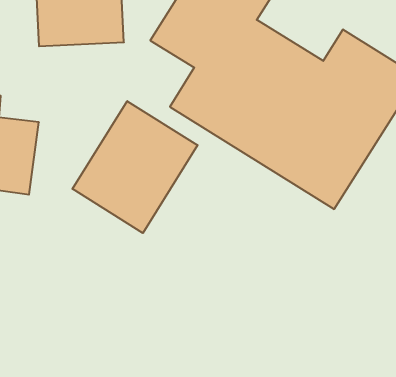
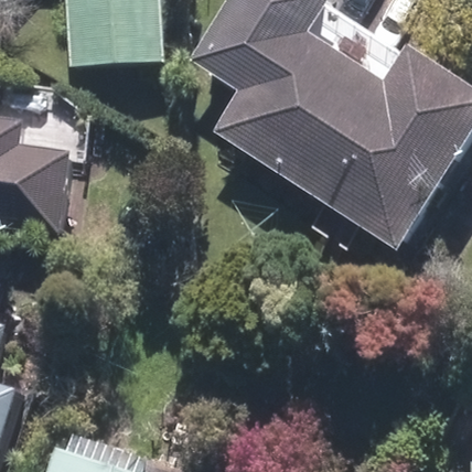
building: [72,101,198,233] -> none

